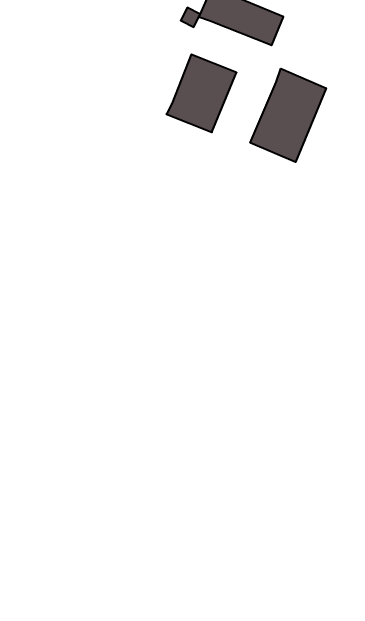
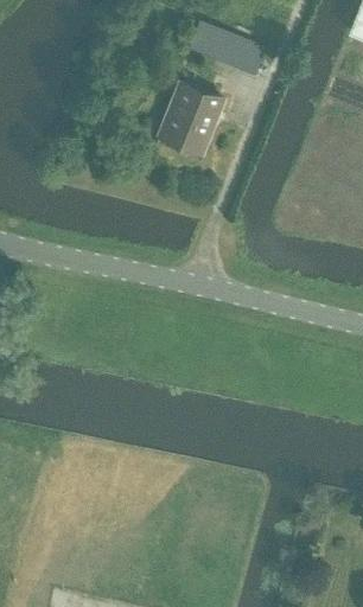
building: [250,69,326,162] -> none

